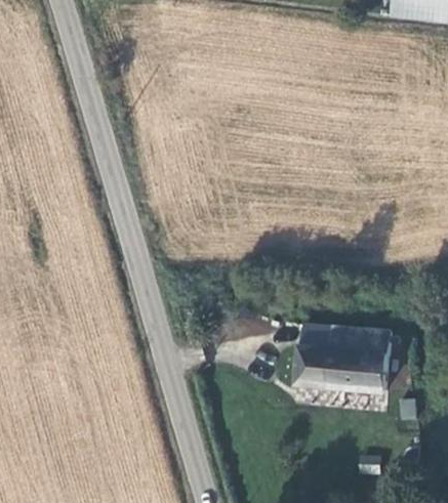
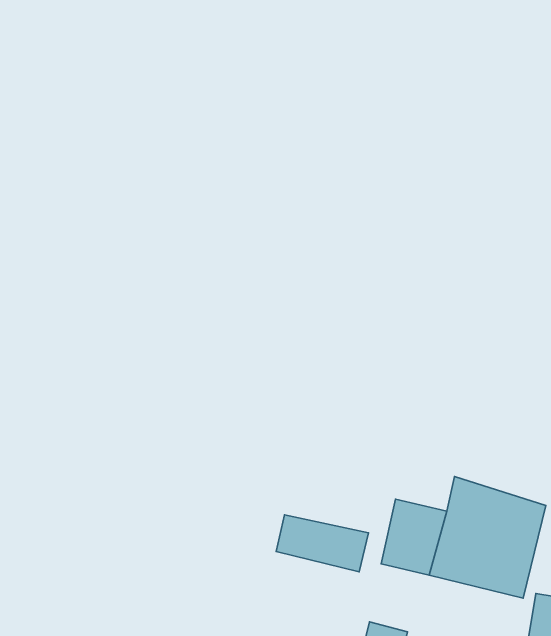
building: none -> [276,515,368,572]

